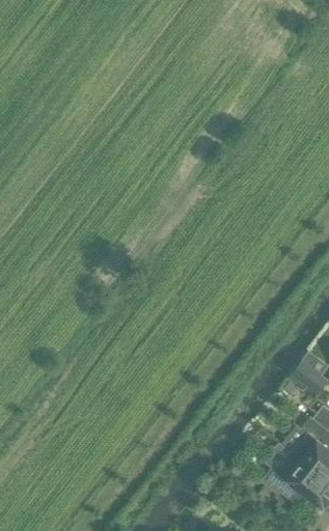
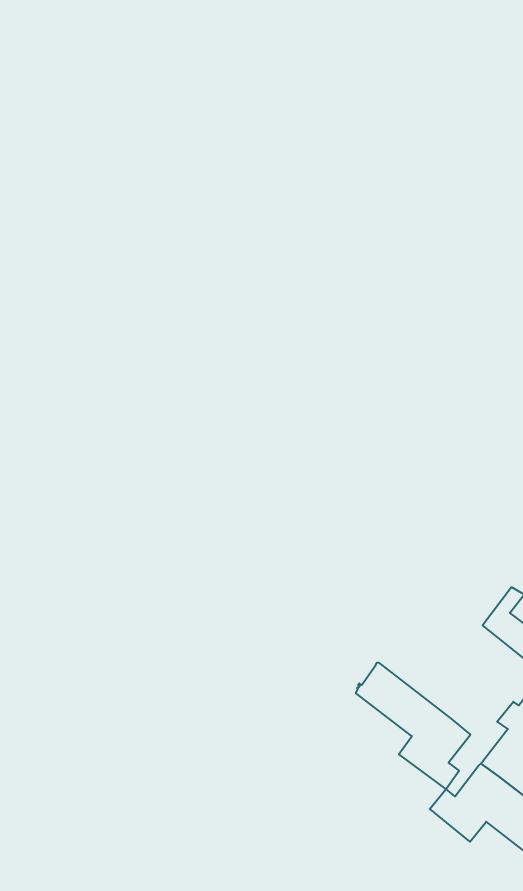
building: none -> [356,663,470,789]

